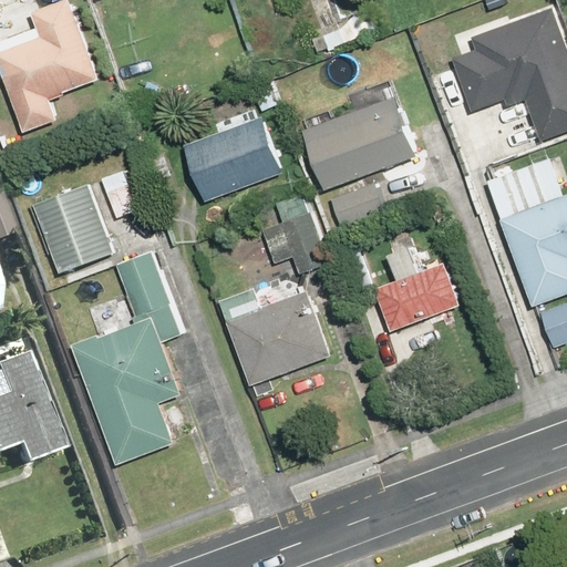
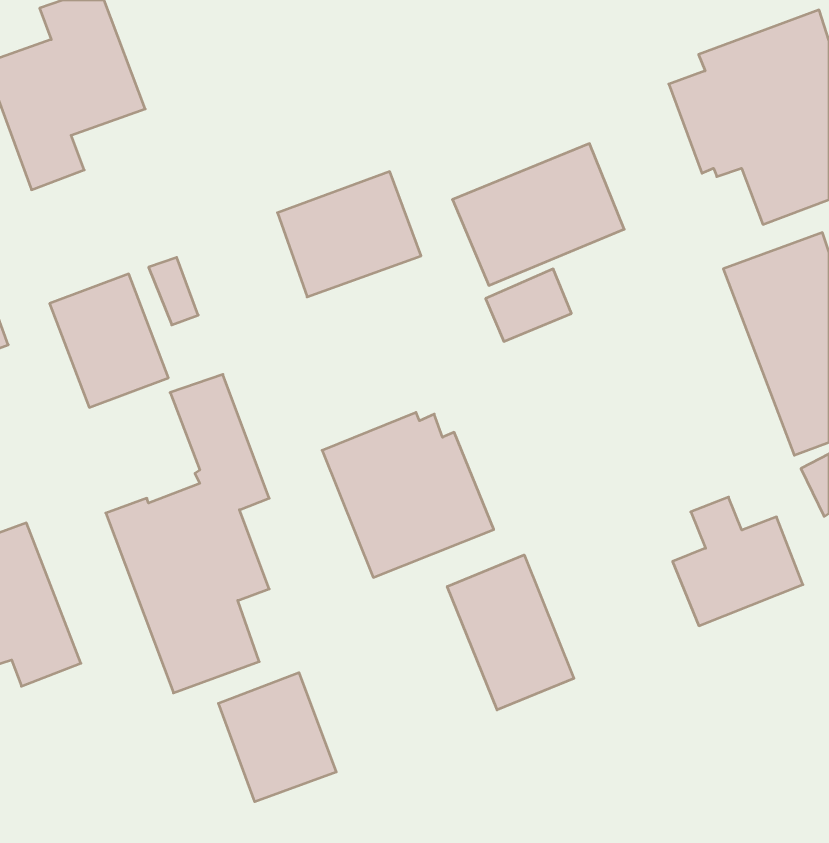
building: [257,192,330,276] -> none
building: [373,246,461,332] -> [673,497,803,626]
building: none -> [447,555,574,710]
building: none -> [218,673,336,802]

